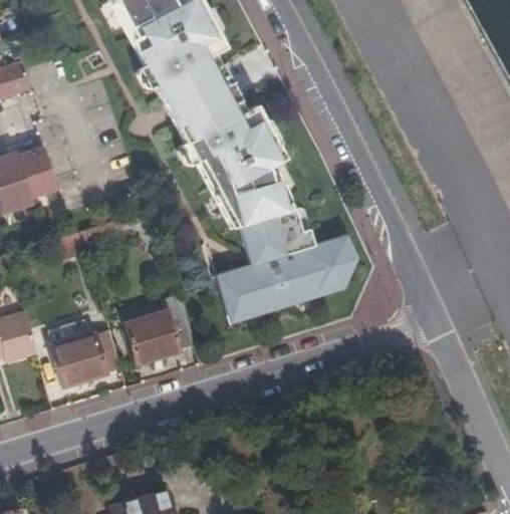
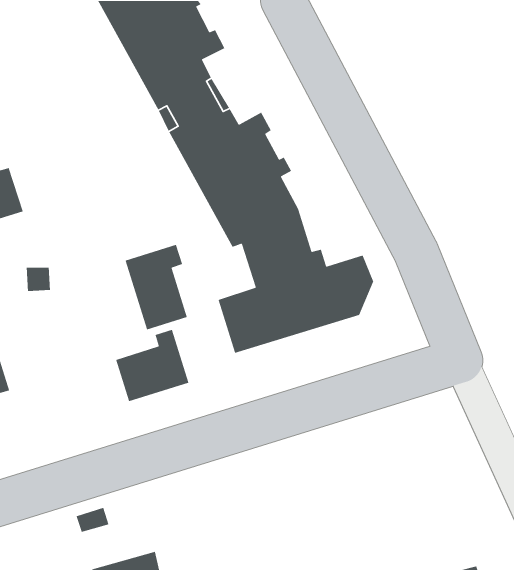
building: none -> [125,244,188,330]
building: [50,334,121,387] -> none

